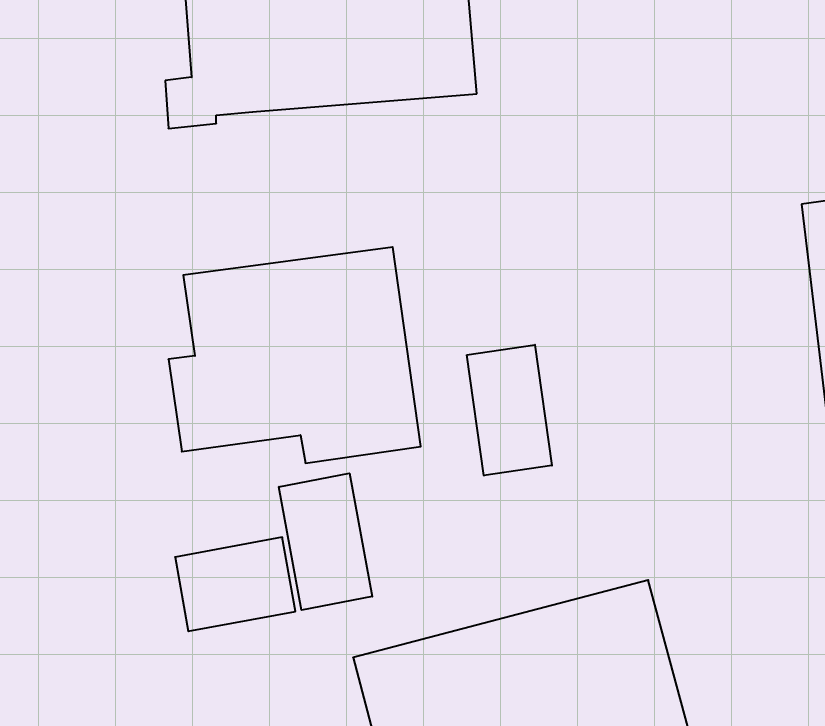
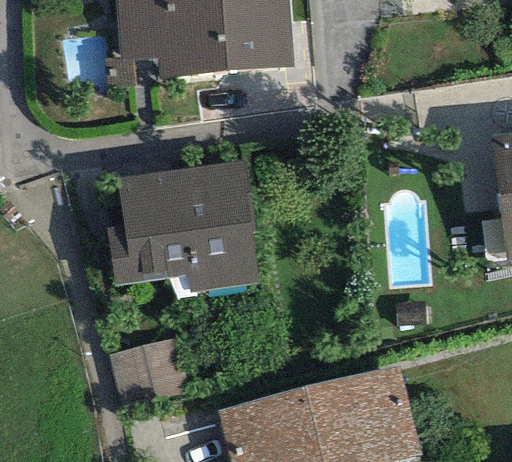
building: [467,345,552,476] -> none
building: [279,473,372,610] -> none

